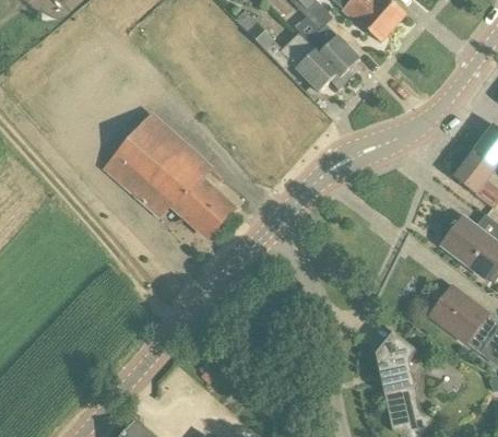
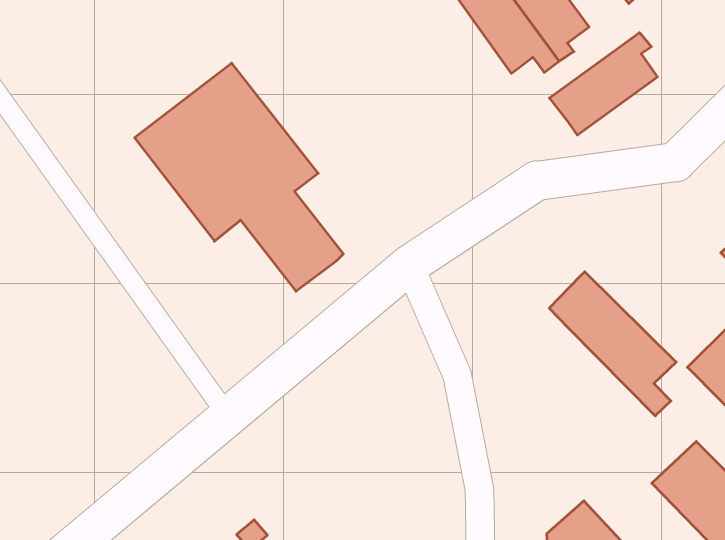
building: none -> [549,33,657,135]
building: none -> [549,272,676,416]

